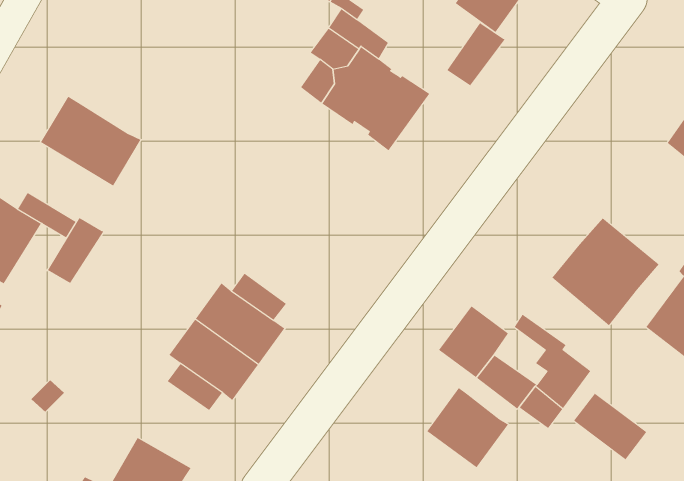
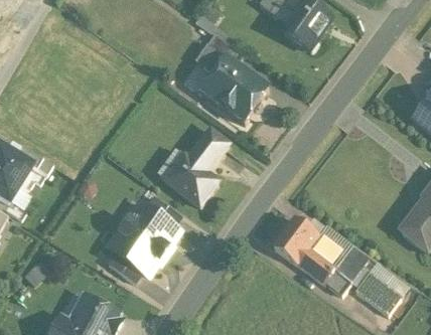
building: [447,22,506,86] -> none
building: [40,96,141,186] -> none
building: none -> [166,129,229,205]
building: [551,217,660,326] -> none
building: [47,217,104,284] -> none
building: [426,387,509,468] -> none

